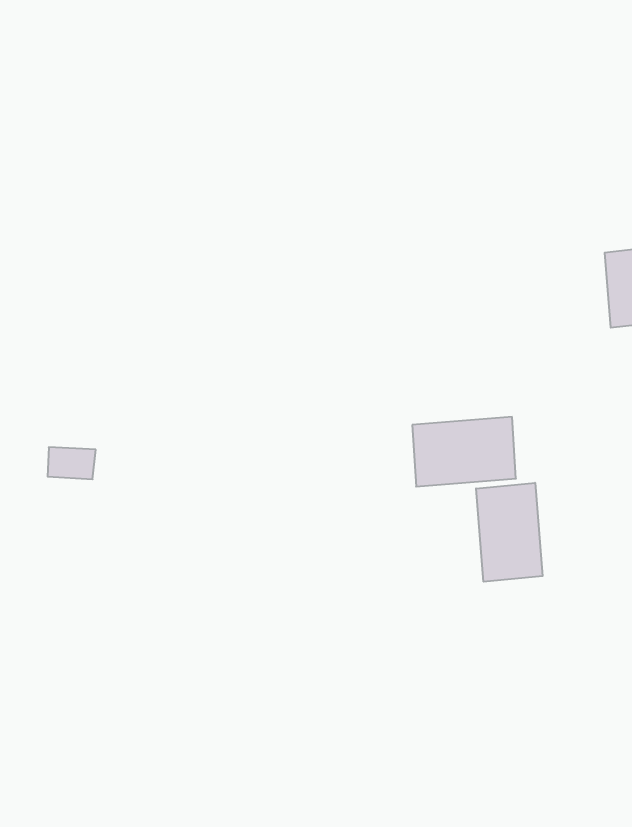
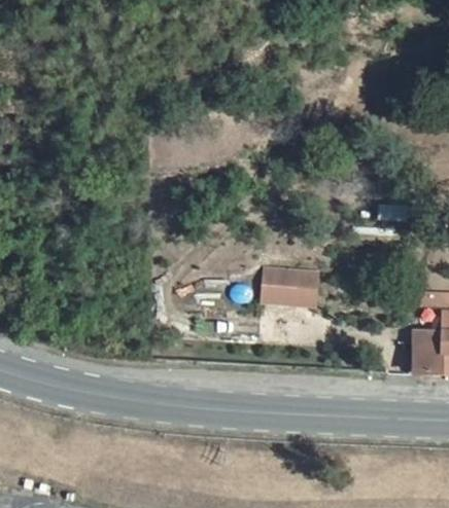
building: [476,483,543,582] -> none

